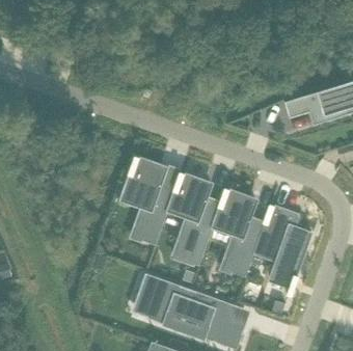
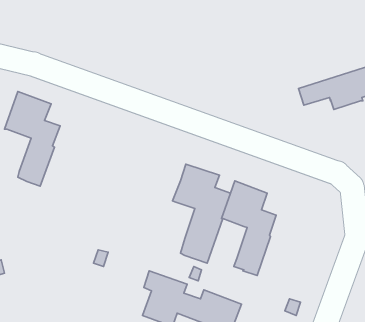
building: [121,157,173,245] -> [5,91,60,186]
building: [256,205,310,297] -> none

